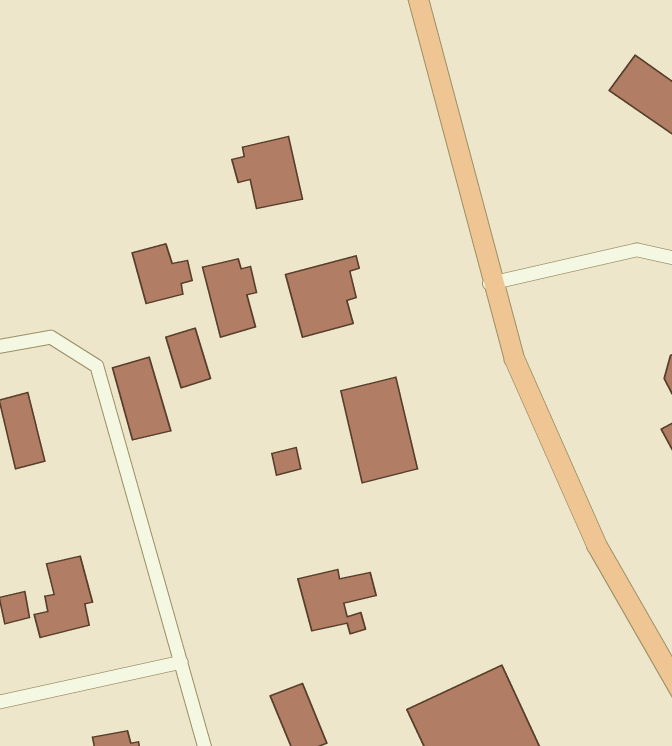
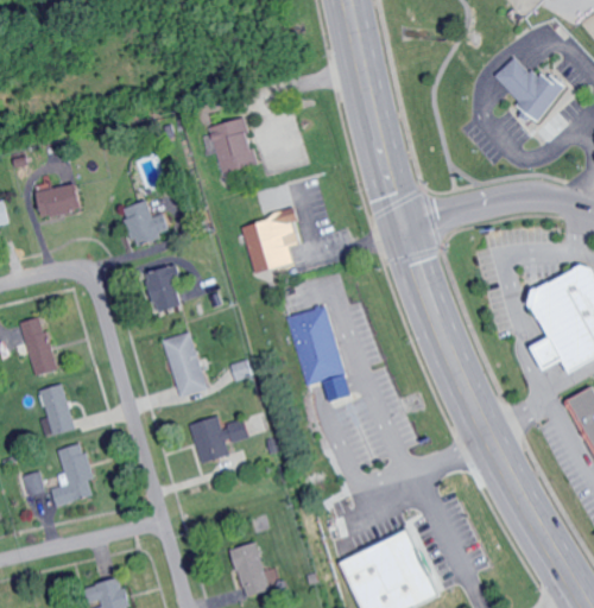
building: none -> [37,183,83,217]
building: [202,259,257,337] -> none
building: [112,357,171,440] -> [163,331,208,395]
building: none -> [37,384,74,437]
building: [298,569,376,634] -> [190,416,251,466]

